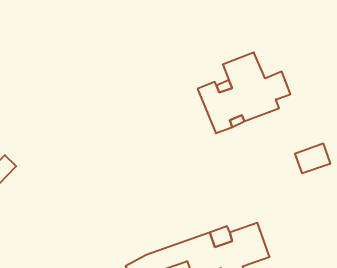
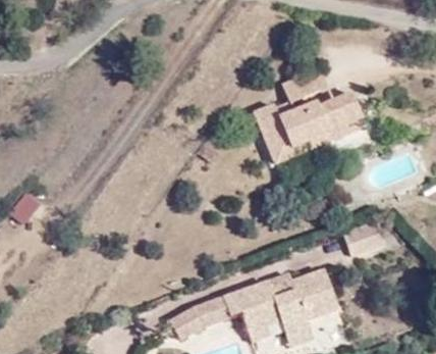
building: [295,144,330,173] -> [343,219,385,254]

